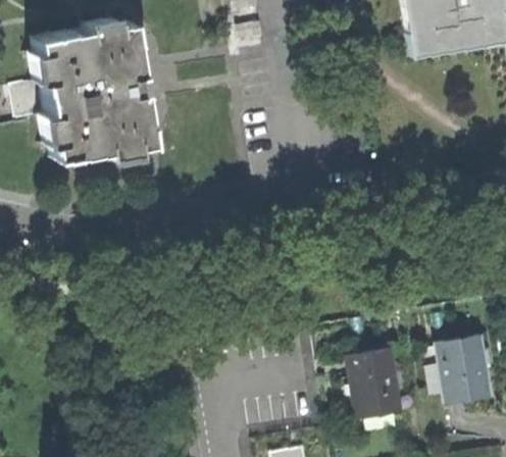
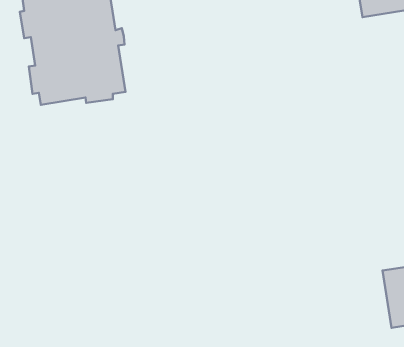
building: [13,80,47,116] -> none
building: [345,347,403,420] -> none

